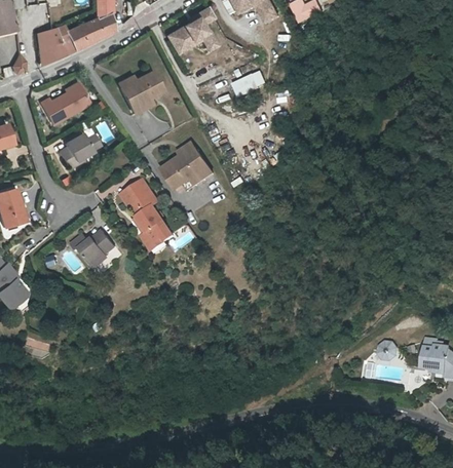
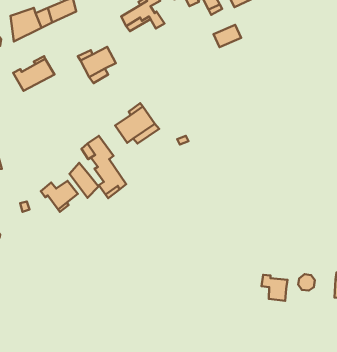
building: [233,72,266,99] -> [214,25,241,47]
building: [58,133,99,168] -> none
building: none -> [69,163,98,198]
building: none -> [262,275,287,301]

